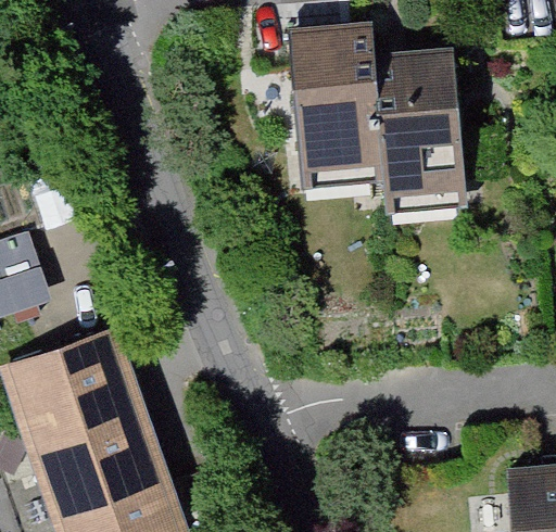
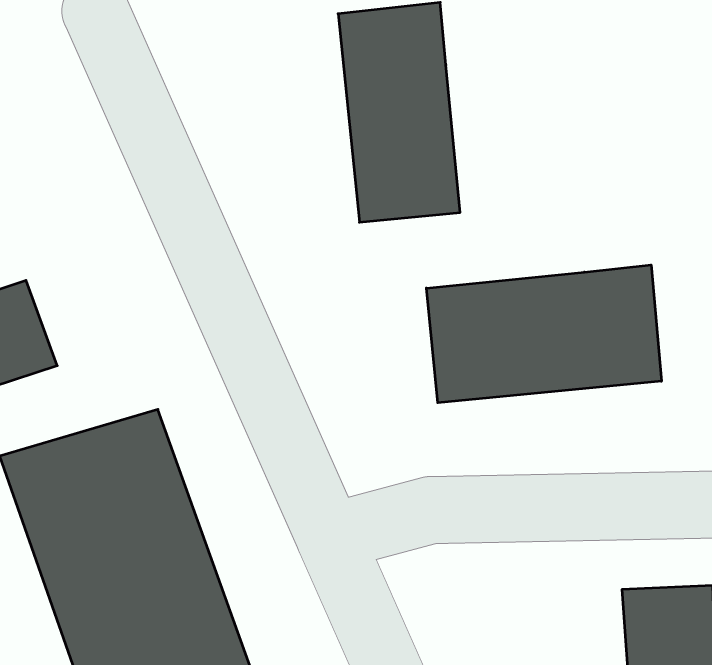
building: [351,60,441,230] -> none
building: none -> [426,265,661,403]

